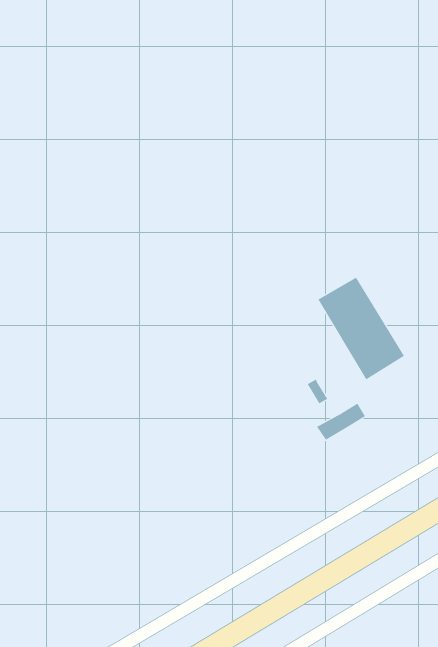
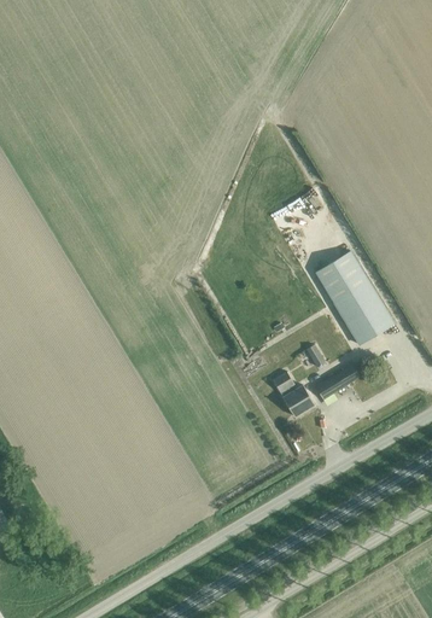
building: none -> [272,372,314,416]

